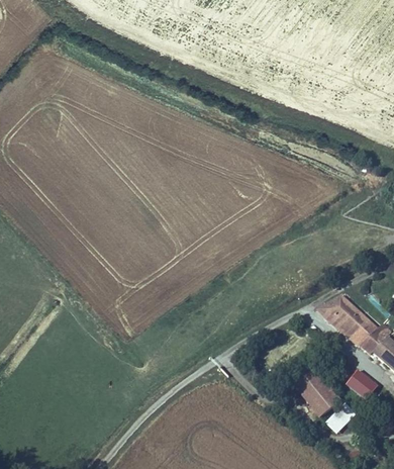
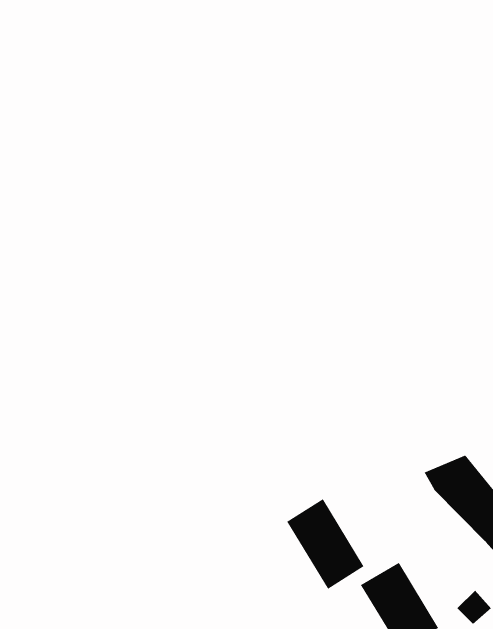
building: none -> [286,498,365,590]

